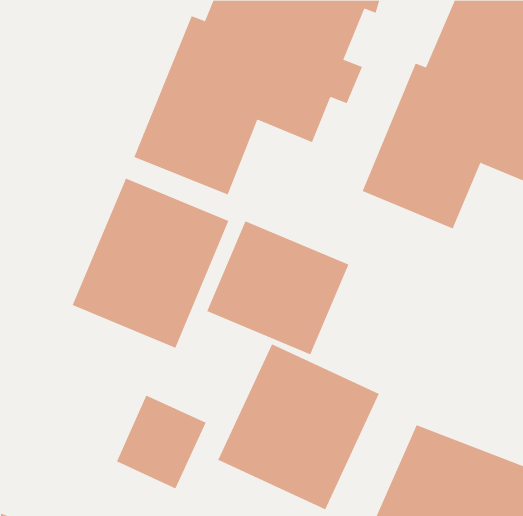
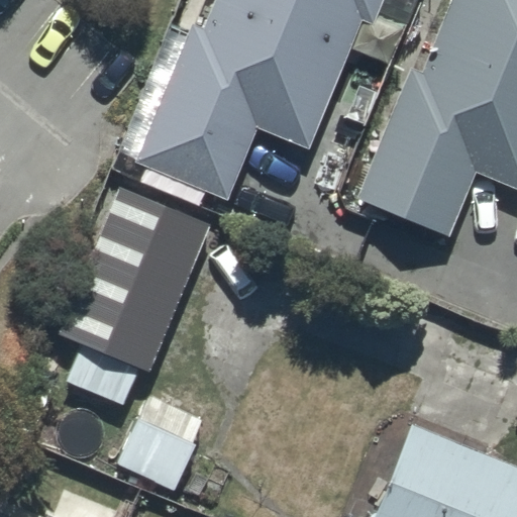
building: [207,221,349,355] -> none
building: [218,344,380,510] -> none

